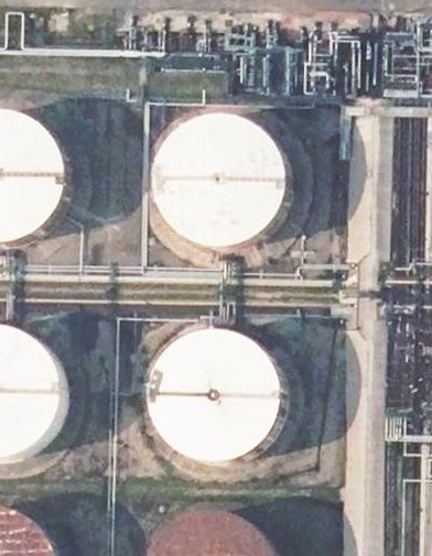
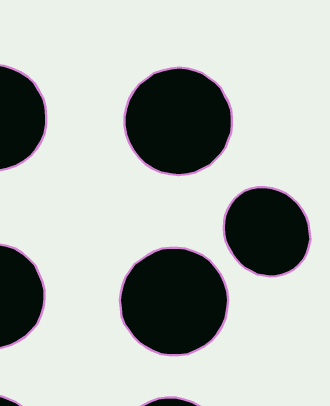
building: none -> [224,187,311,277]

